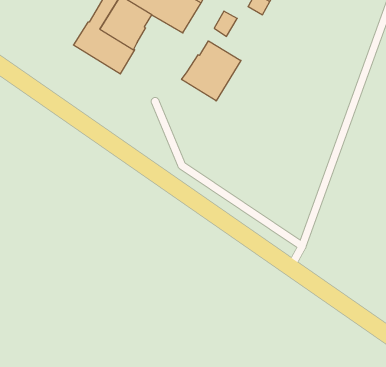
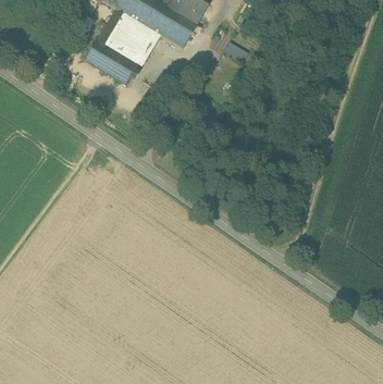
building: [182,41,241,101] -> none

